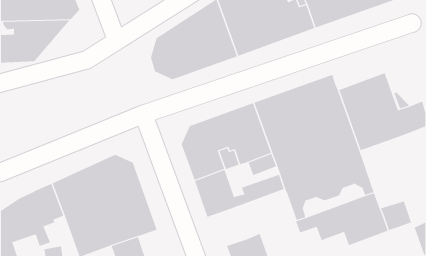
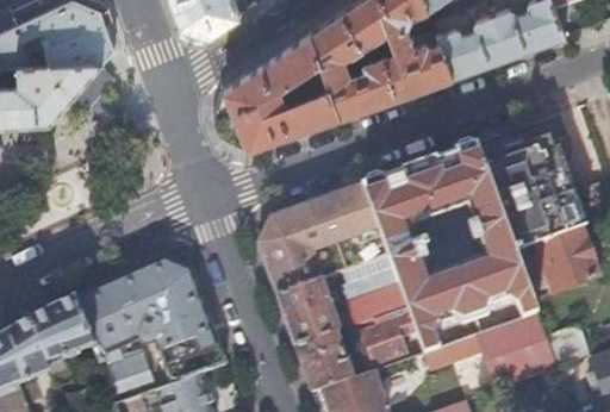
building: none -> [535,229,597,293]
building: none -> [361,314,416,366]
building: none -> [295,333,351,393]

